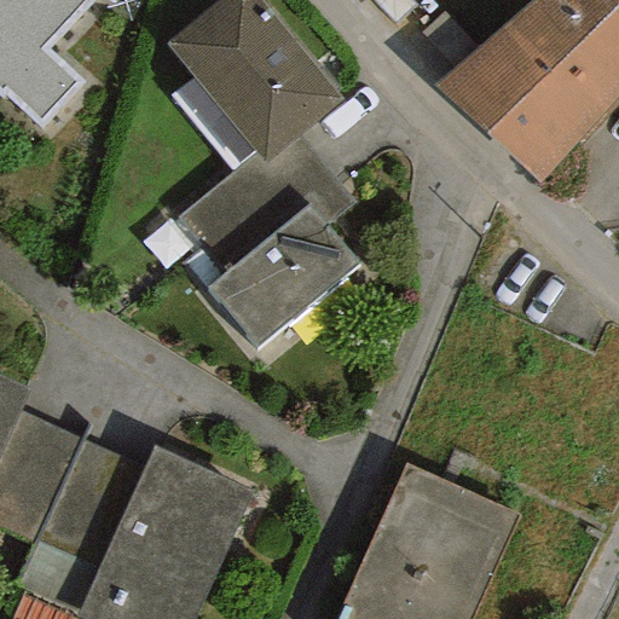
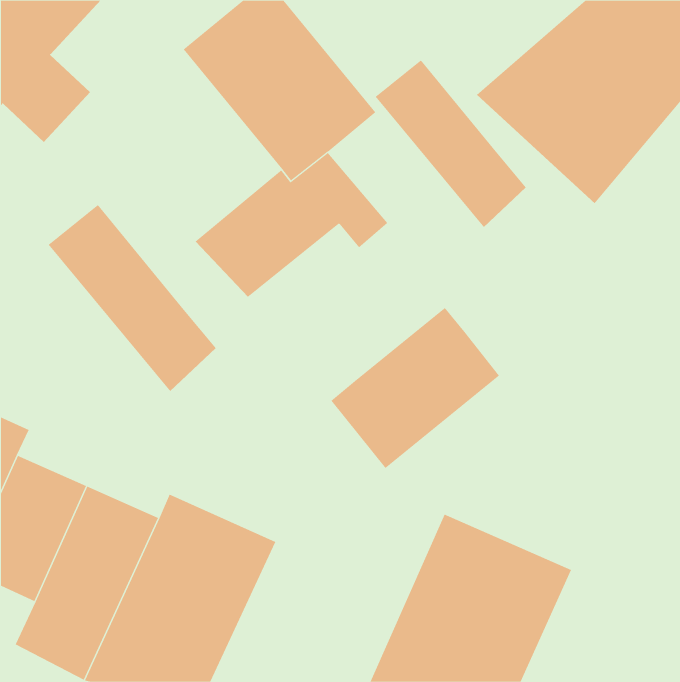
building: none -> [375,59,527,228]
building: none -> [48,204,217,392]
building: [204,203,358,349] -> [331,307,500,469]

